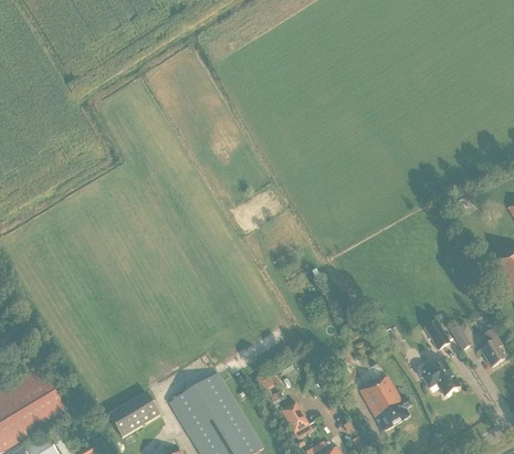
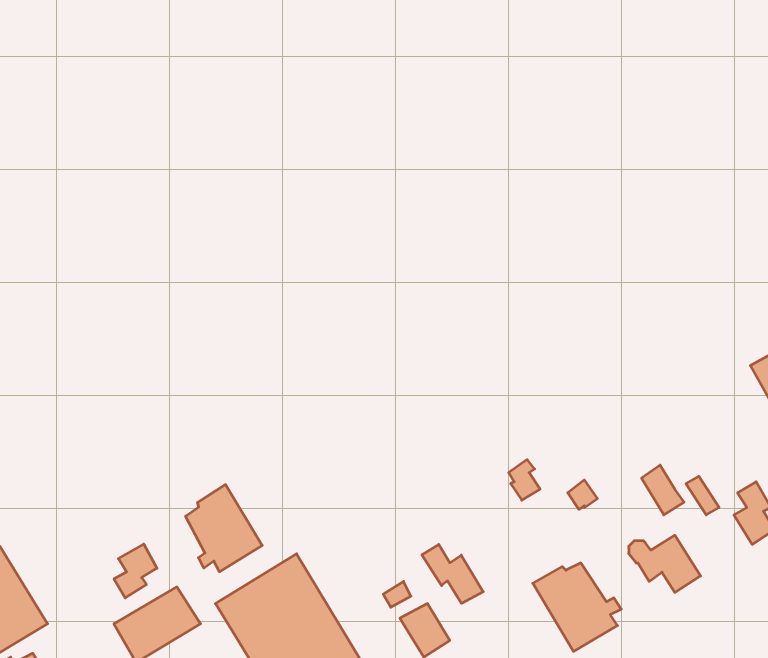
building: none -> [186,485,262,572]
building: none -> [114,544,157,598]
building: none -> [422,544,483,603]

